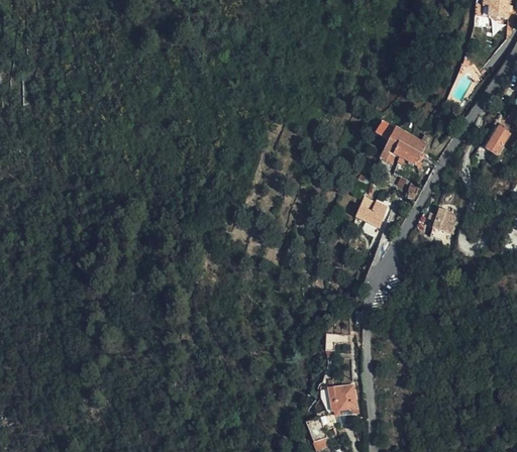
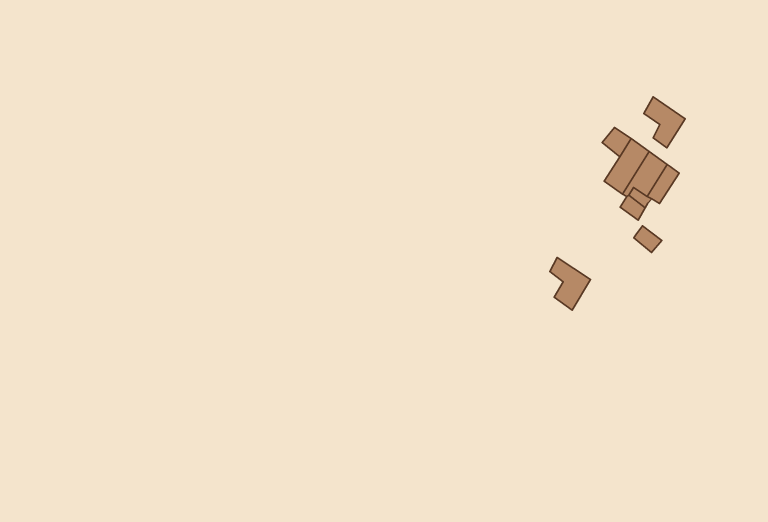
building: none -> [644,97,685,148]
building: [431,205,460,238] -> none

